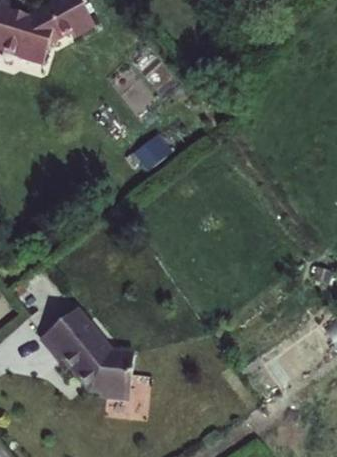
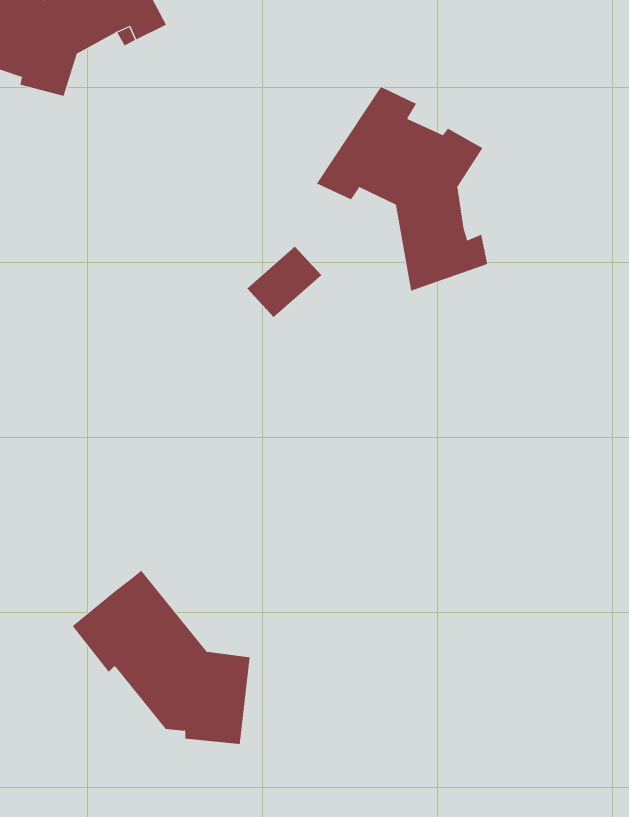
building: none -> [316,86,488,291]

